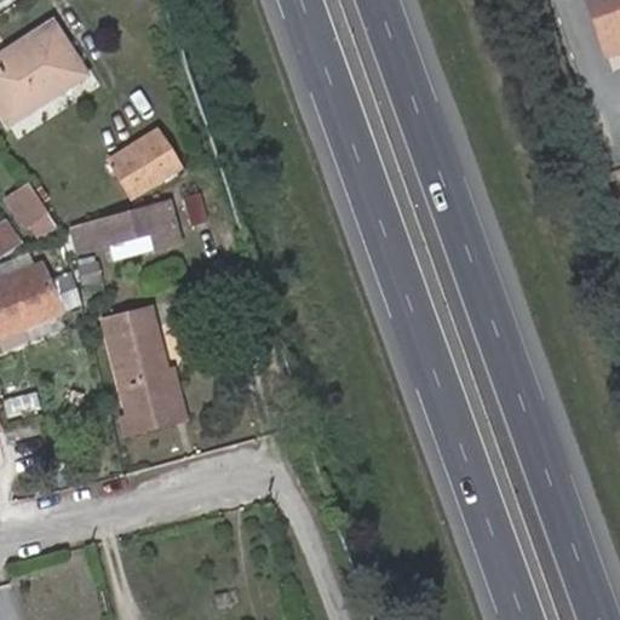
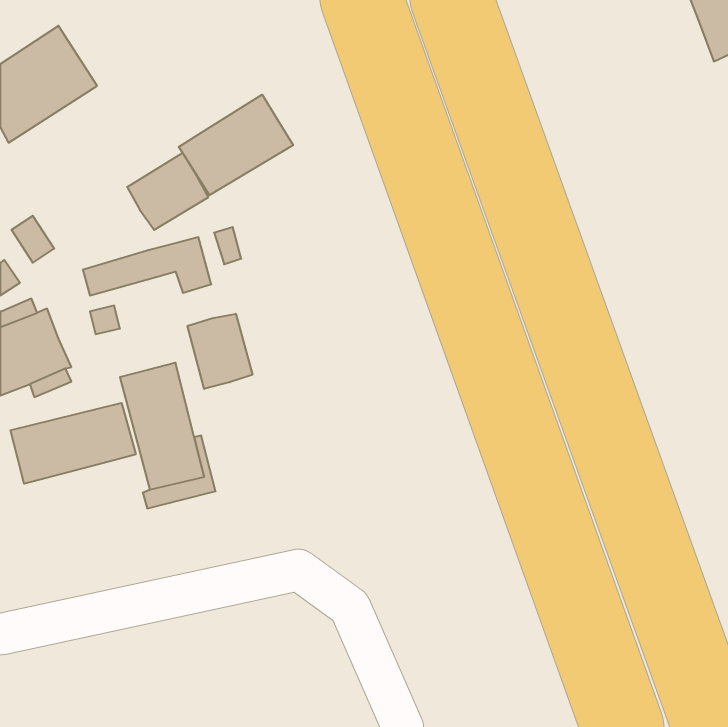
building: none -> [179,95,293,195]
building: none -> [188,314,252,389]
building: none -> [10,403,136,484]

